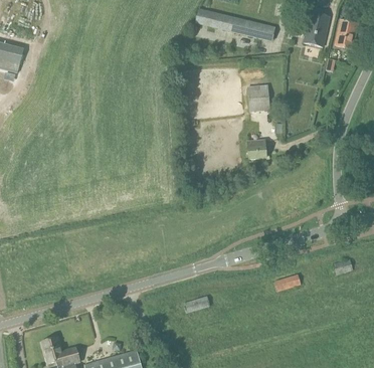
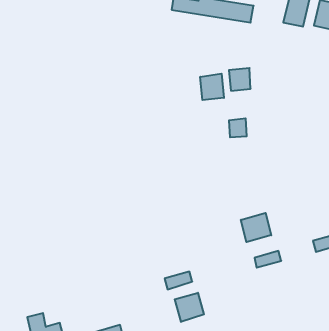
building: none -> [200,74,224,100]
building: none -> [241,213,271,242]
building: none -> [175,293,204,322]

